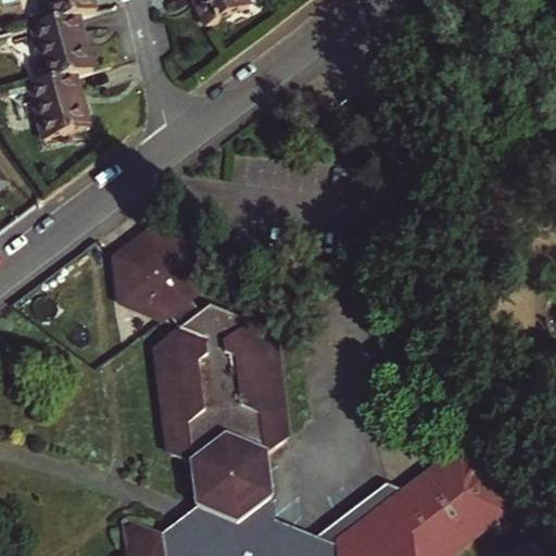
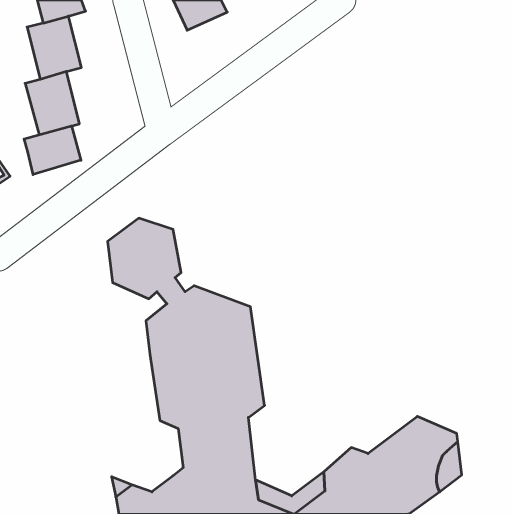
building: none -> [24,126,81,175]

